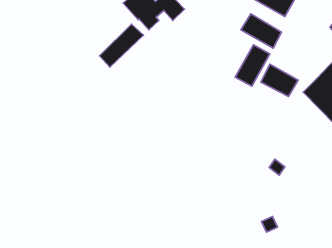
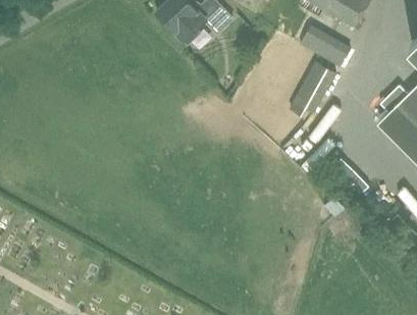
building: [100,24,143,67] -> none
building: [261,64,298,97] -> none

